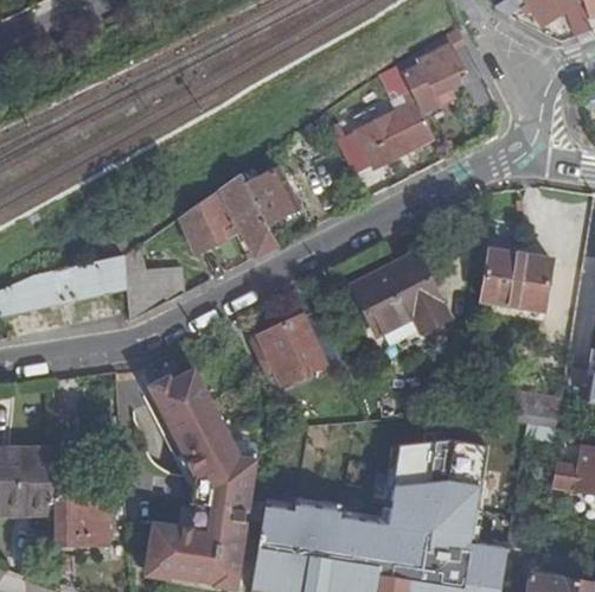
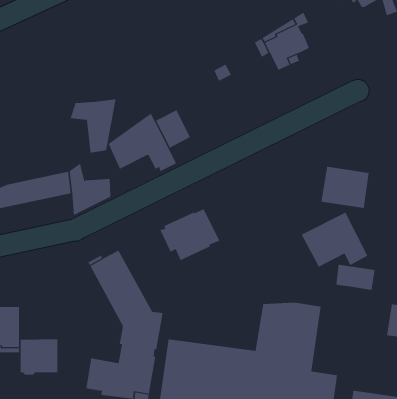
building: [337,93,433,178] -> none
building: none -> [70,99,116,153]
building: [351,255,447,335] -> [301,212,368,268]

